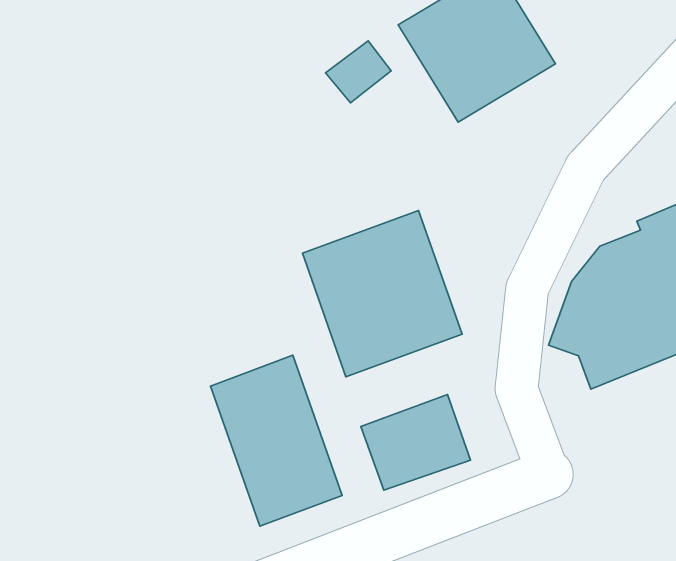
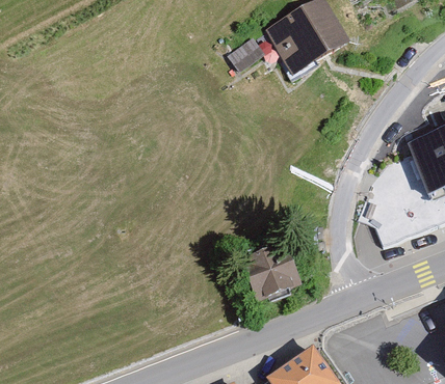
building: [302,210,462,377] -> none
building: [211,355,342,526] -> none

